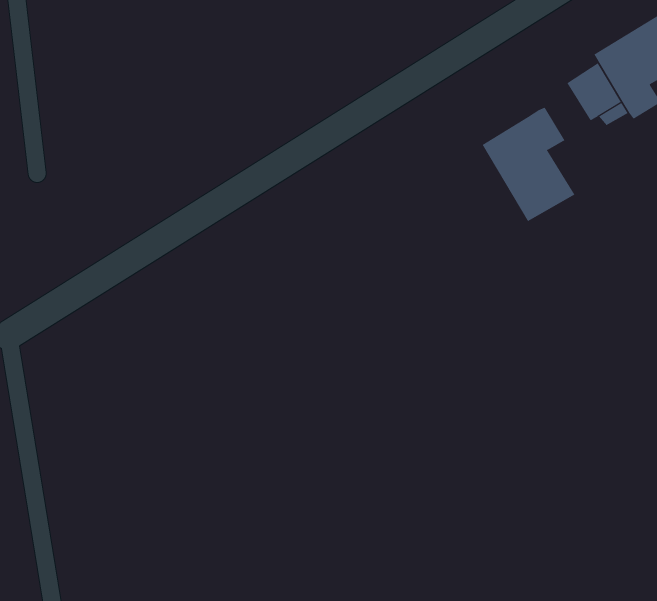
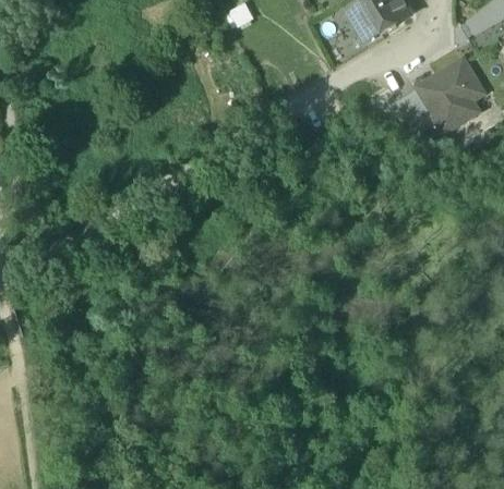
building: [482,107,575,222] -> none

